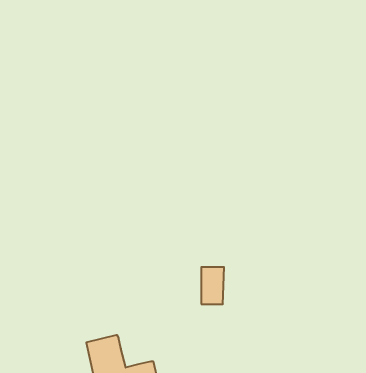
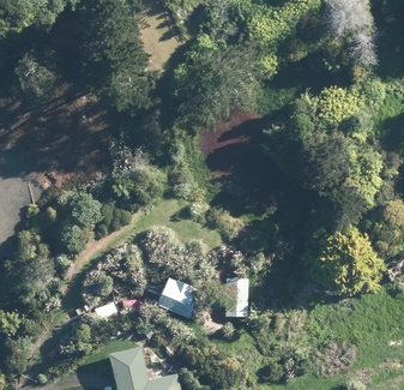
building: none -> [158,277,200,318]

